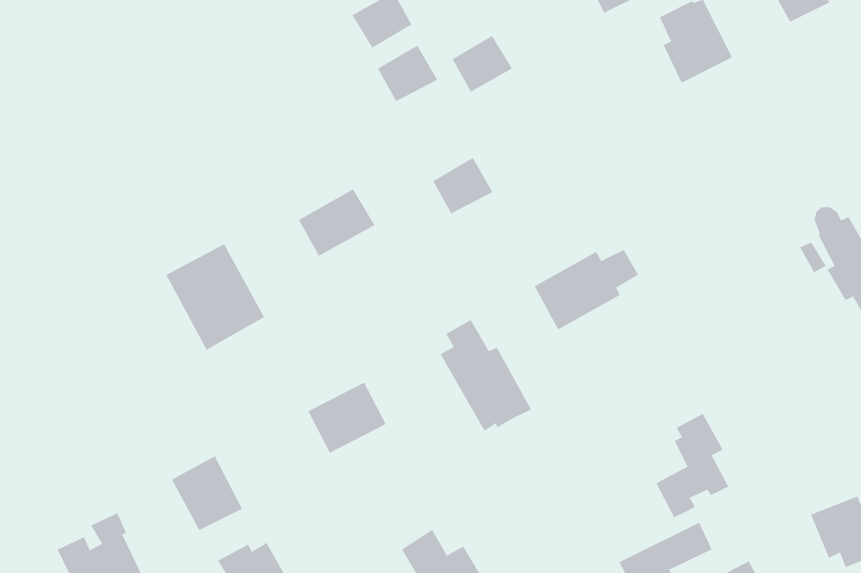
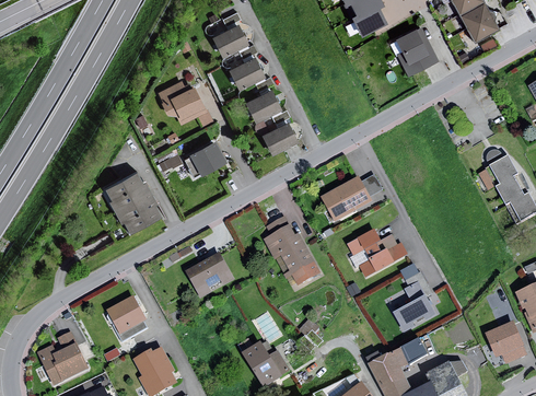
building: [452,35,513,92] -> [245,88,281,121]
building: none -> [159,79,207,124]
building: none -> [347,230,409,279]

